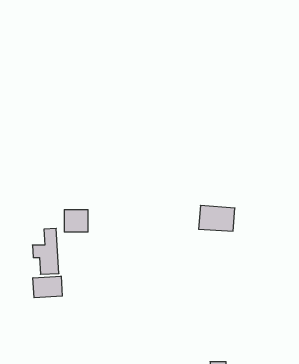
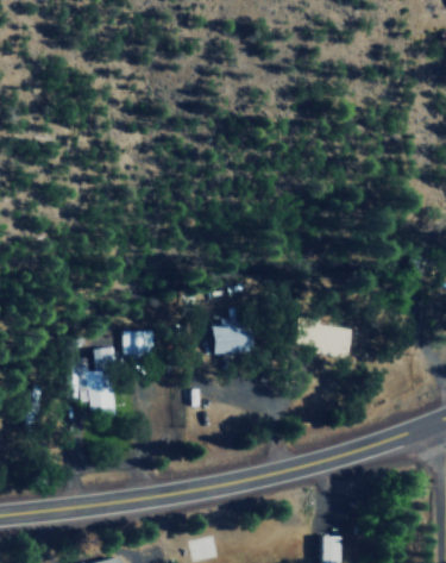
building: none -> [213,324,250,354]
building: [33,276,62,298] -> none

